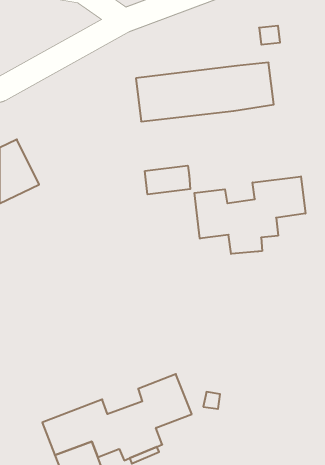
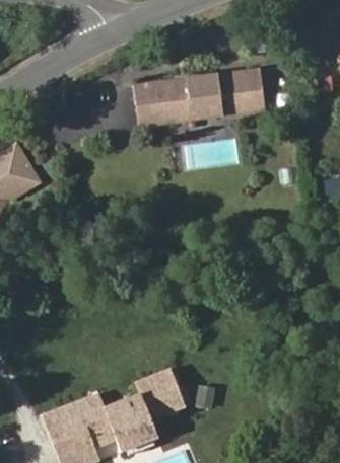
building: [145,166,190,194] -> none
building: [194,176,305,254] -> none

